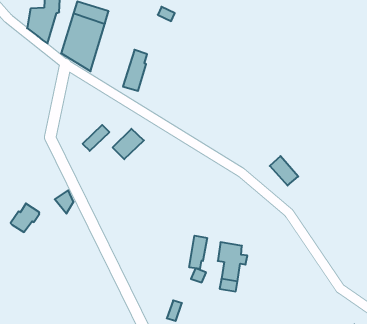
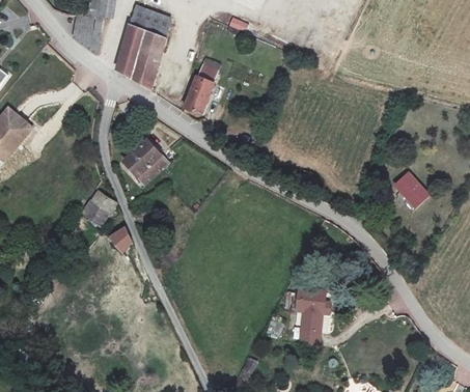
building: [113,129,144,159] -> [126,137,162,172]
building: [270,156,298,186] -> [396,175,430,209]
building: [11,203,39,232] -> [80,191,113,224]
building: [189,236,207,269] -> none

